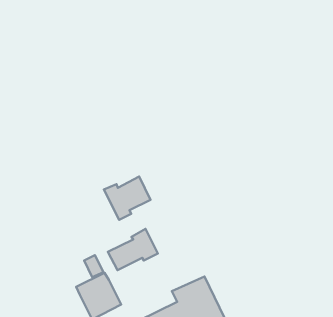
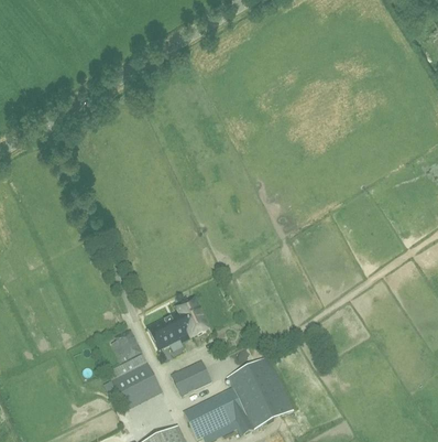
building: [104,177,150,220] -> none
building: none -> [172,360,211,395]

